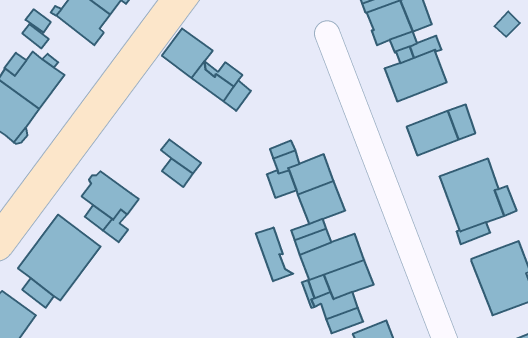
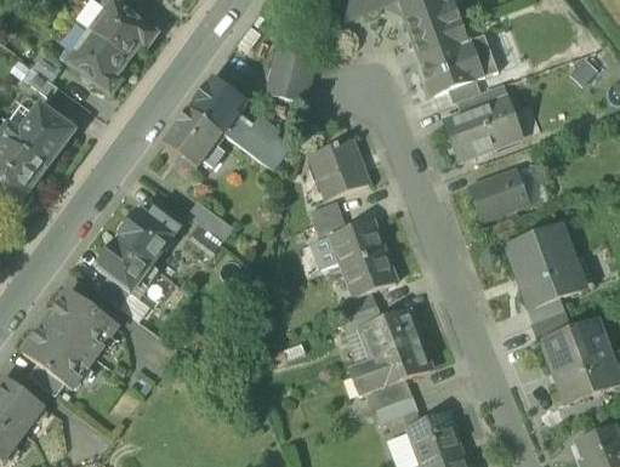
building: none -> [266,49,317,102]
building: none -> [163,106,222,166]
building: none -> [311,138,370,199]
building: none -> [118,209,180,263]
building: [256,227,293,281] -> none
building: none -> [530,308,571,343]

